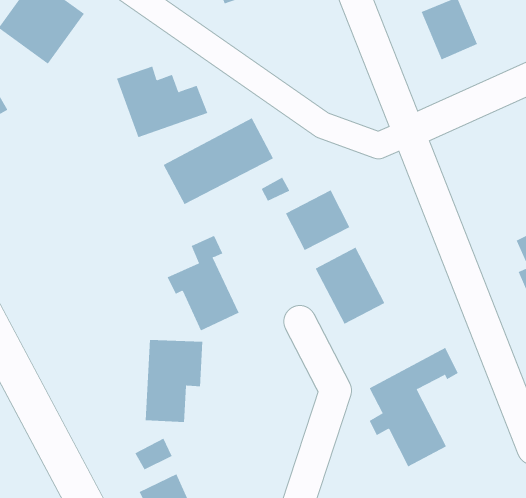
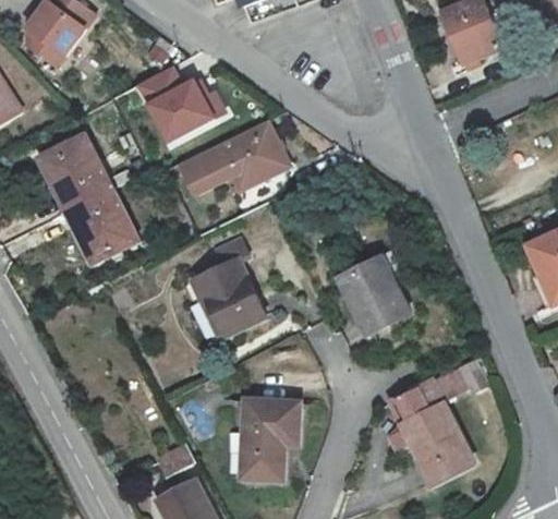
building: none -> [36,132,147,273]
building: [285,189,350,251] -> none
building: [145,339,203,423] -> [239,391,298,475]

